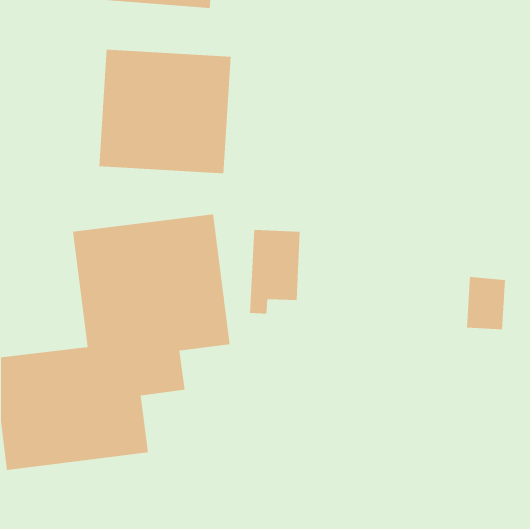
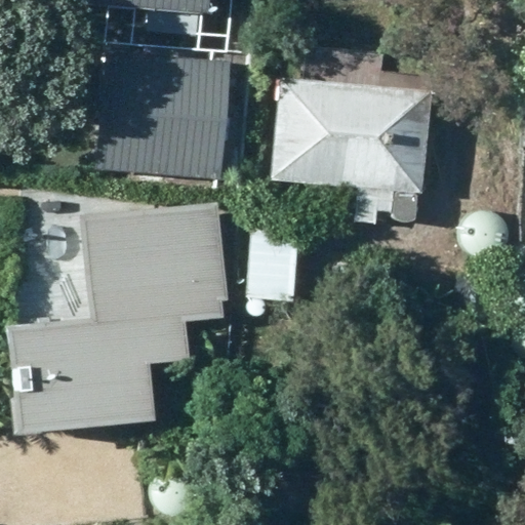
building: none -> [269,71,433,215]

